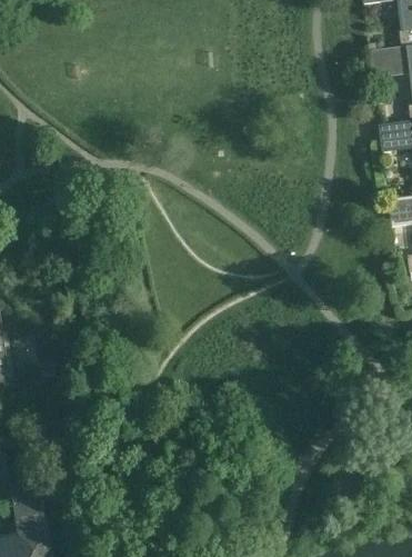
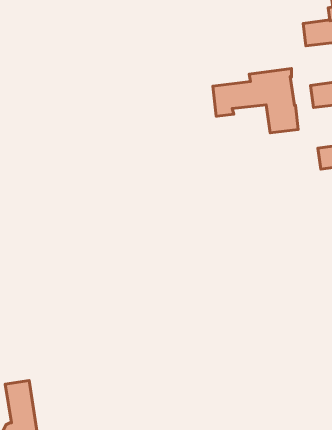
building: none -> [213,69,298,133]

